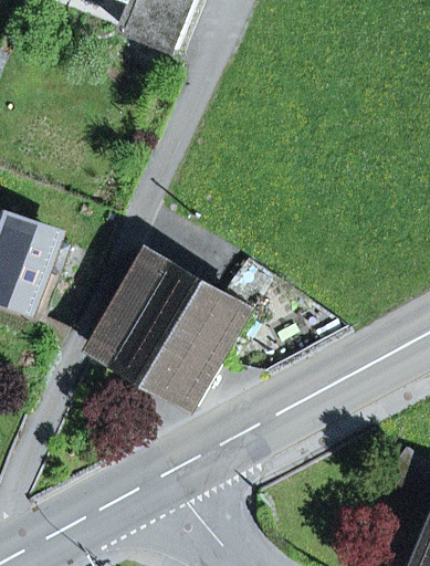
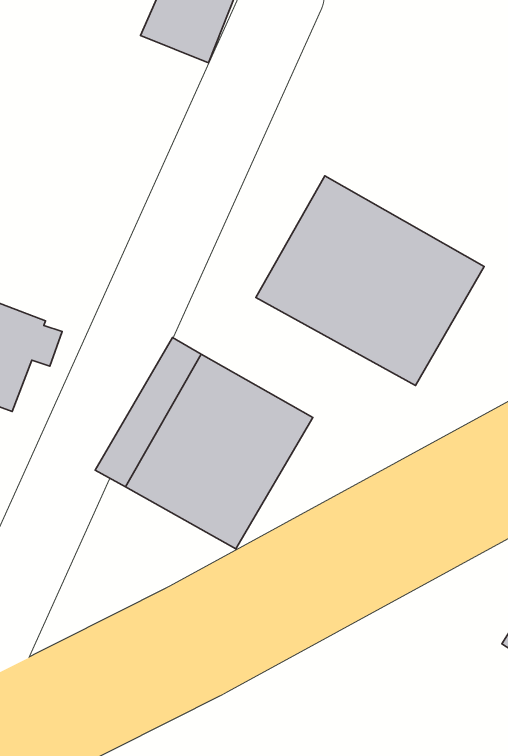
building: none -> [256,176,484,386]

